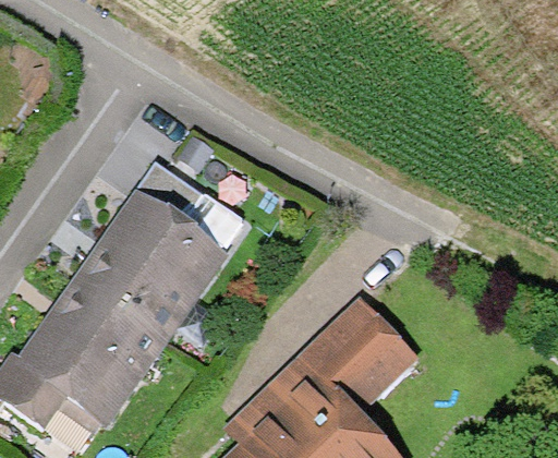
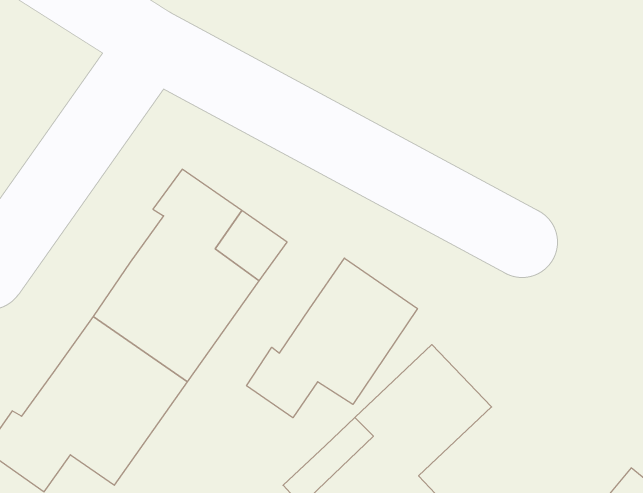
building: none -> [247,258,417,418]

